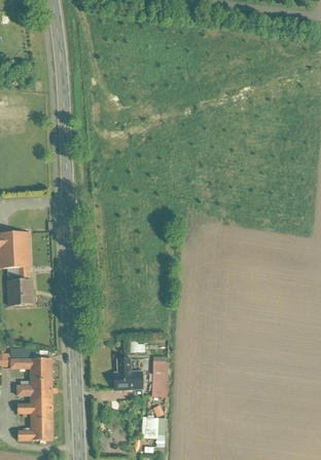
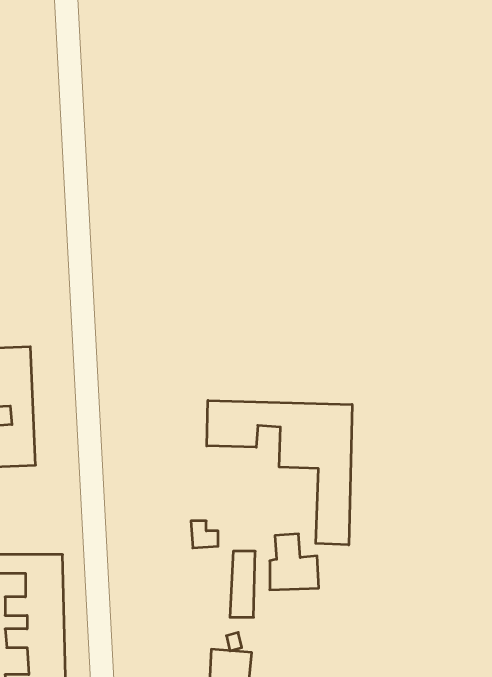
building: none -> [207,400,352,545]
building: [114,355,144,389] -> [270,534,319,590]

